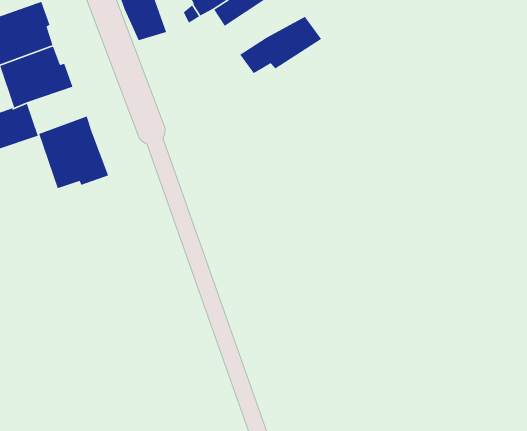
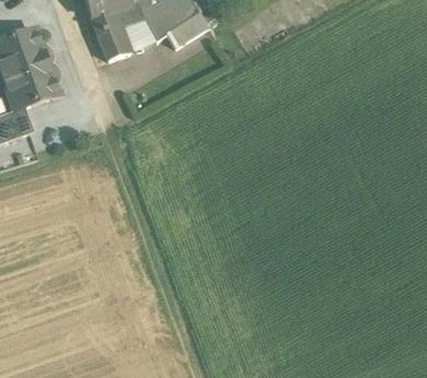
building: [239,16,322,74] -> none
building: [38,115,109,189] -> none

